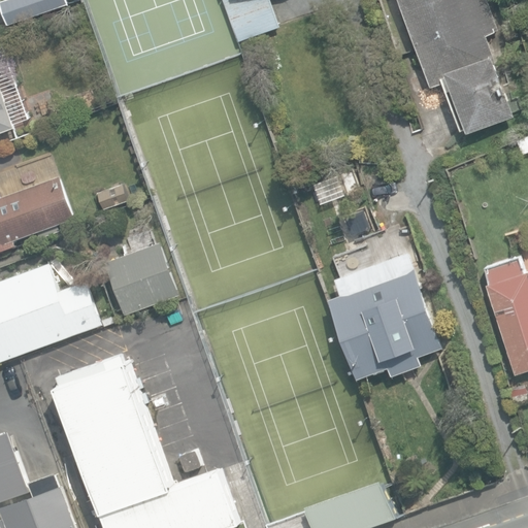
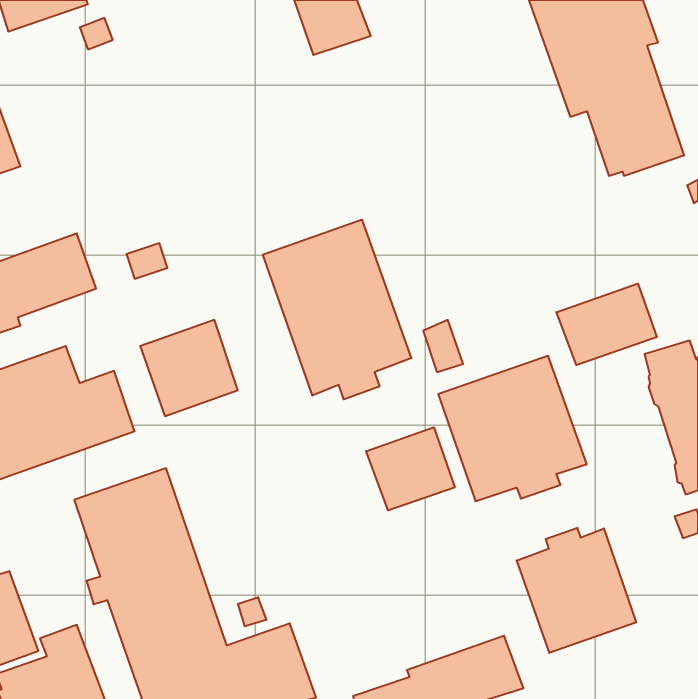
building: none -> [263,220,411,399]
building: none -> [556,284,657,365]
building: none -> [366,427,455,510]
building: none -> [517,528,636,653]

